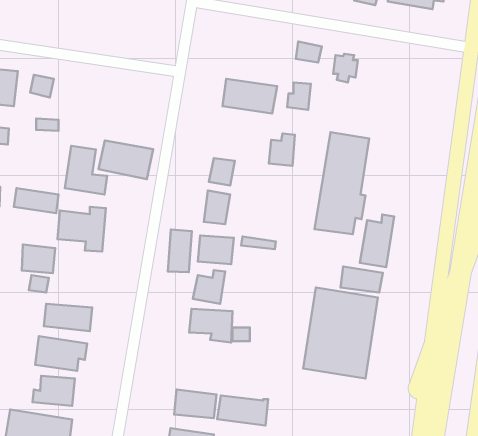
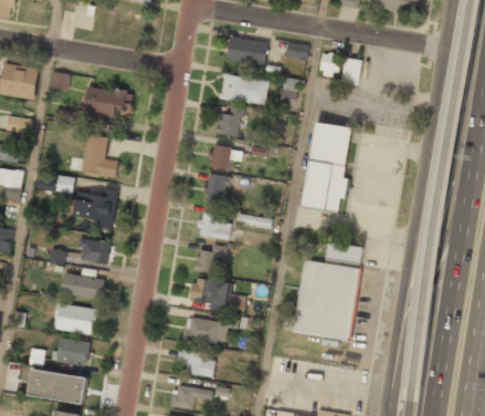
building: none -> [225,35,267,66]
building: none -> [340,58,361,85]
building: [269,134,295,166] -> [217,107,240,136]
building: [99,141,153,179] -> [84,85,133,119]
building: [360,215,394,267] -> none
building: [168,229,192,272] -> none
building: [22,244,55,273] -> [78,238,108,263]
building: [217,396,268,425] -> [182,318,228,344]

